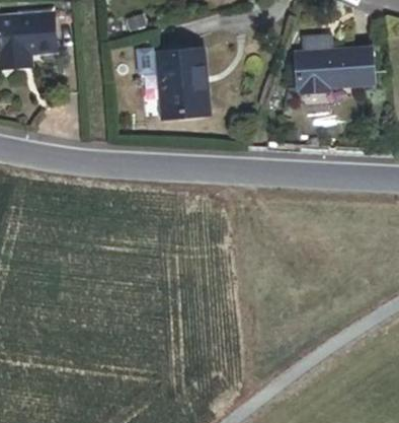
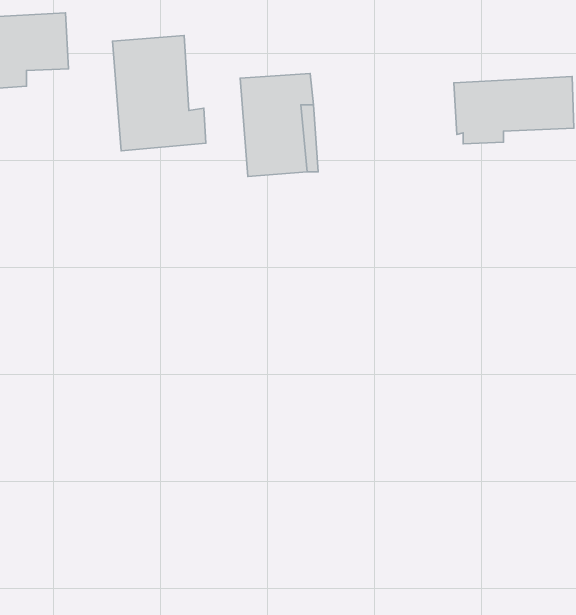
building: none -> [113,35,206,151]

